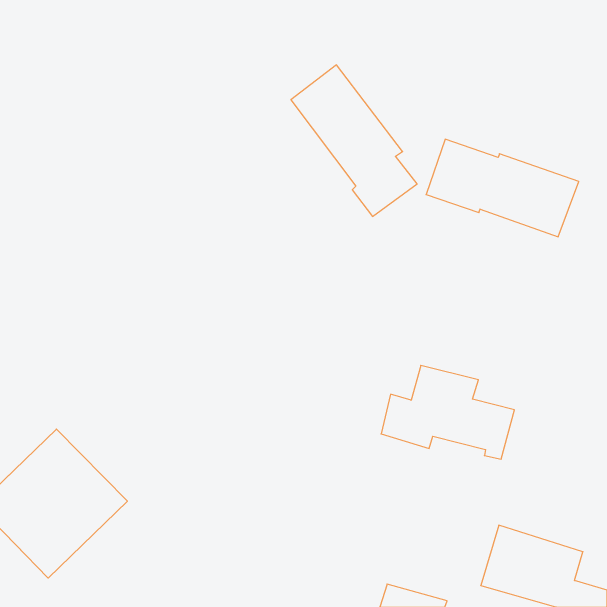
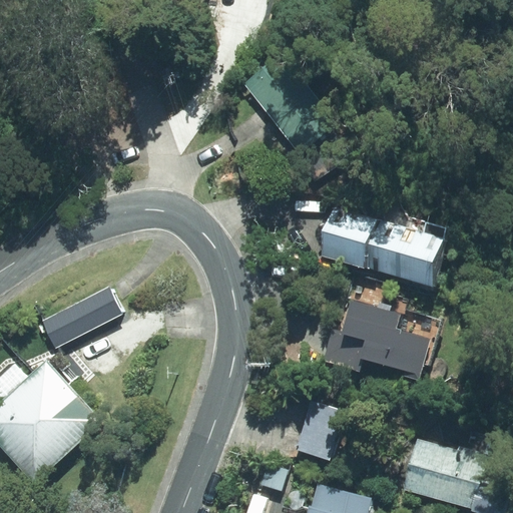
building: [426,139,579,237] -> [318,208,445,290]
building: none -> [41,278,120,337]
building: none -> [292,399,344,463]

